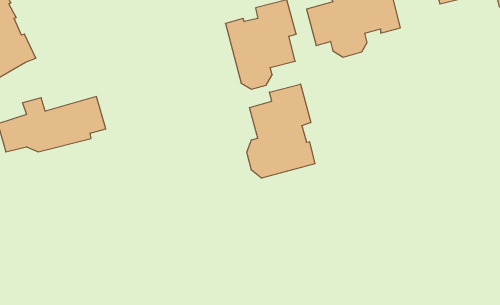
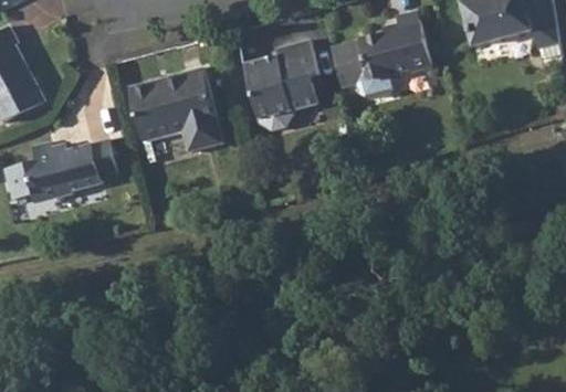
building: none -> [129,65,226,150]
building: [247,84,315,178] -> none

